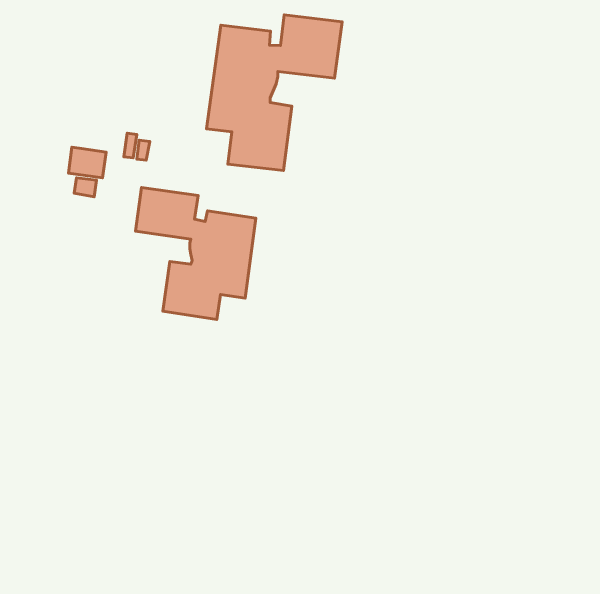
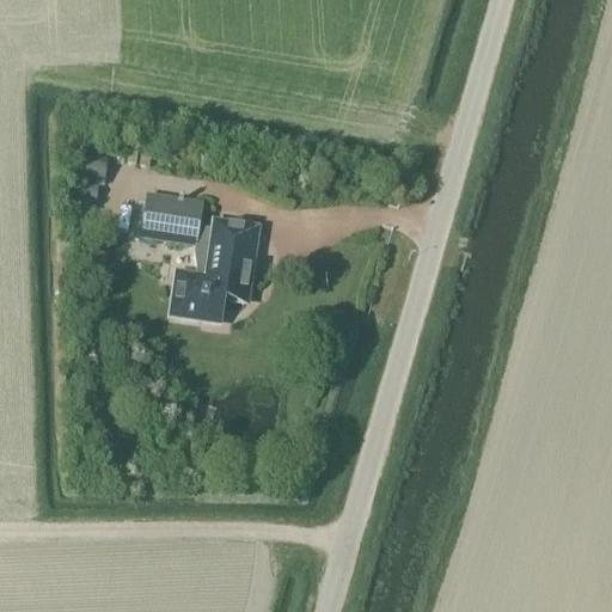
building: [207,15,342,170] -> none

